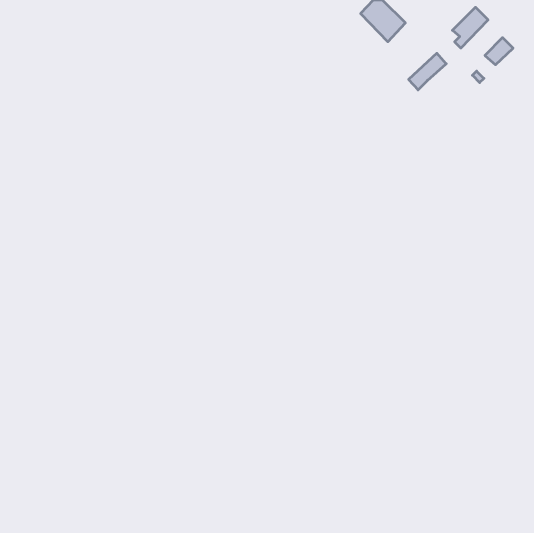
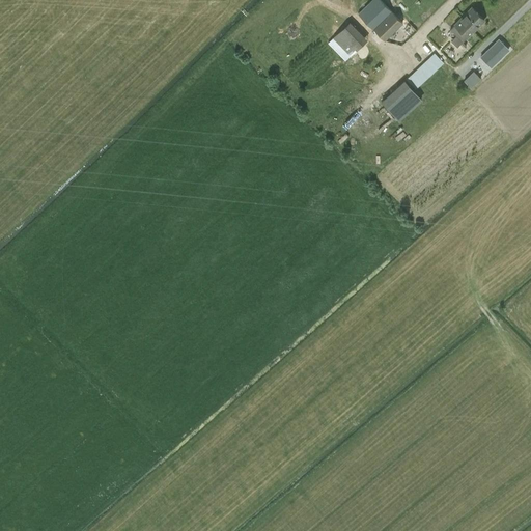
building: none -> [329,21,368,60]
building: none -> [382,82,421,120]

